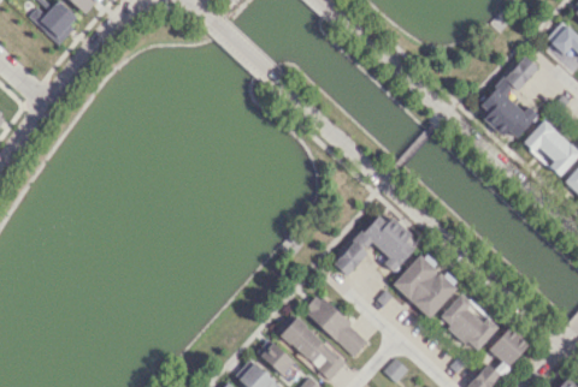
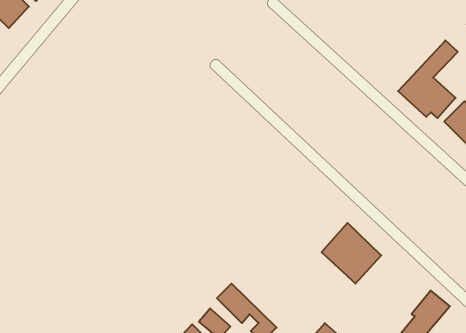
building: [332,209,414,275] -> none
building: [440,292,497,351] -> none
building: [305,293,367,357] -> none

